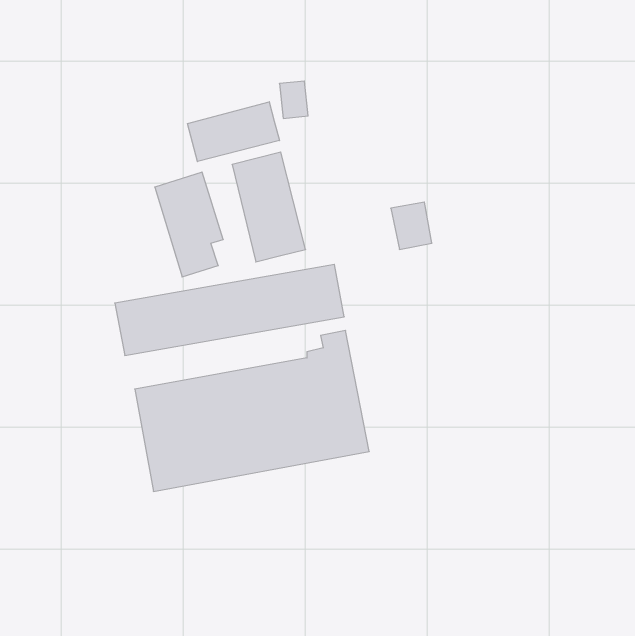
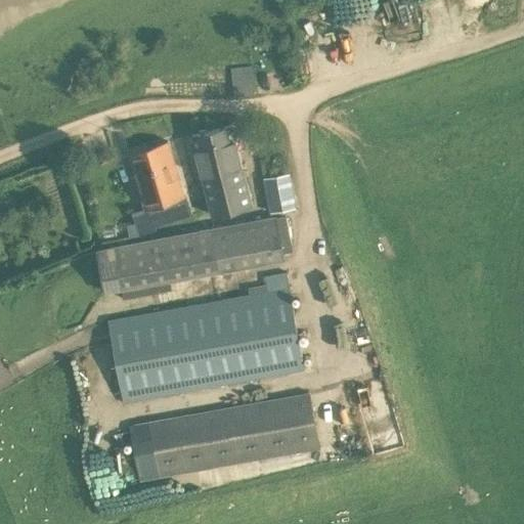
building: [188,102,279,162] -> none
building: [391,202,432,249] -> [261,174,295,213]
building: none -> [130,394,318,481]

